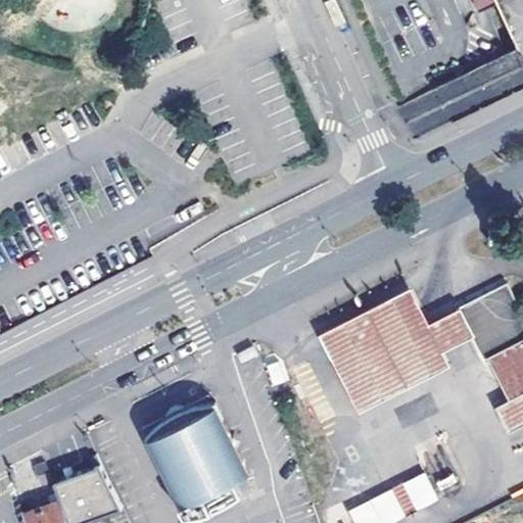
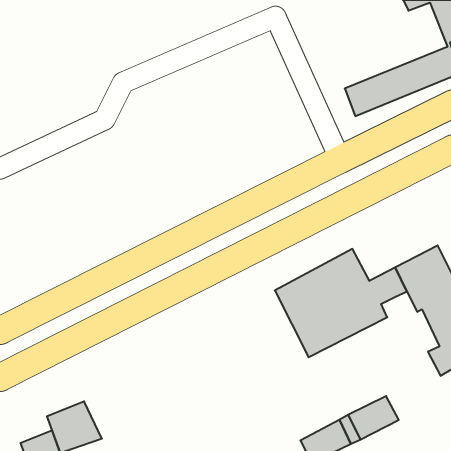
building: [143,405,247,509] -> none

